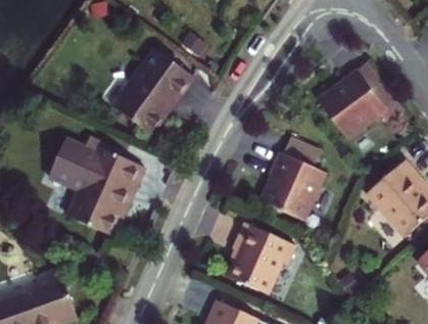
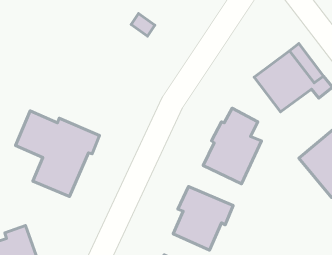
building: [113,48,193,133] -> none

